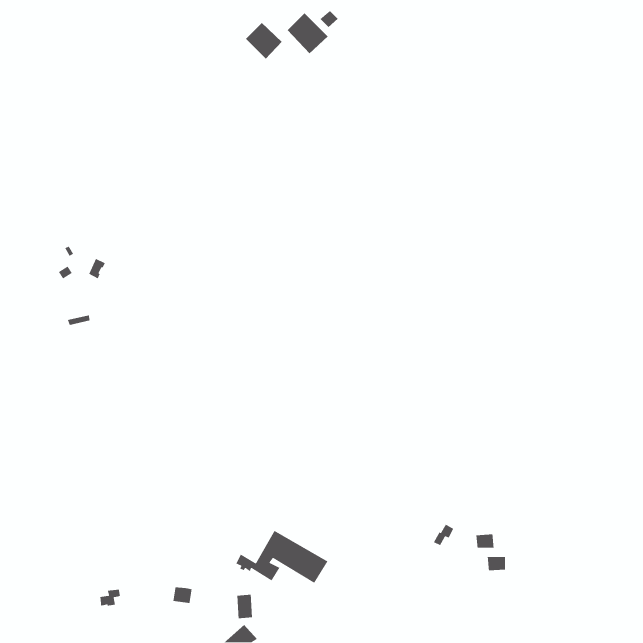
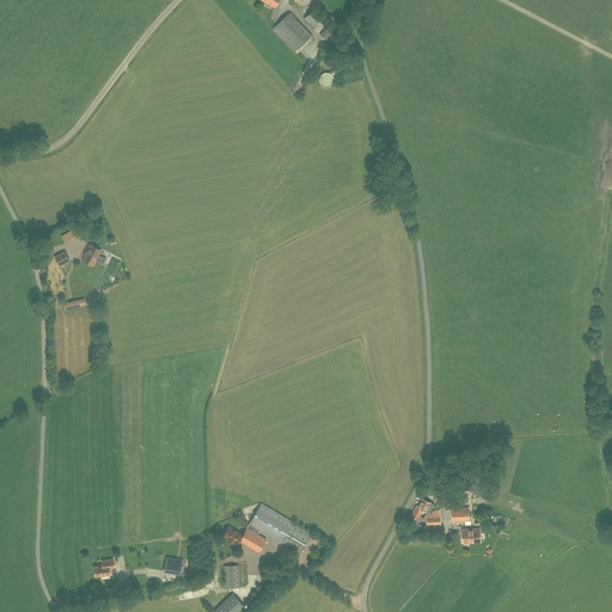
building: [245,22,283,60] -> none

